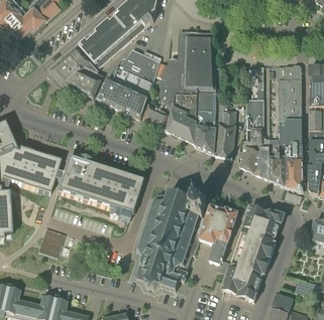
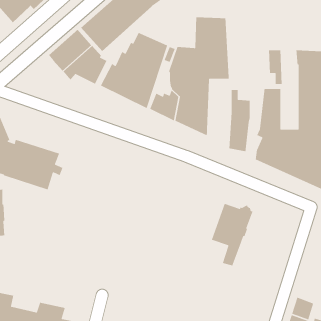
building: [196,93,216,154] -> none
building: [58,156,141,218] -> none
building: [135,190,207,289] -> none
building: [222,206,284,302] -> none
building: [37,227,65,257] -> none

